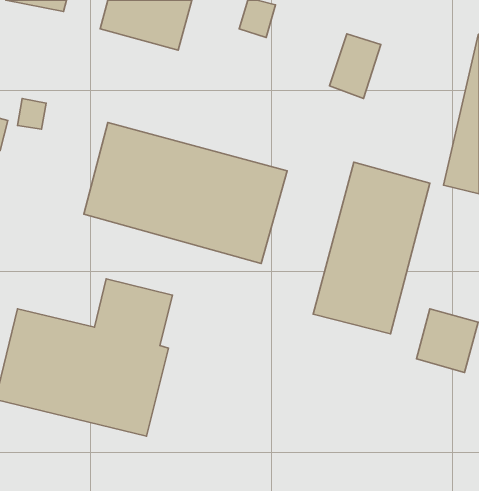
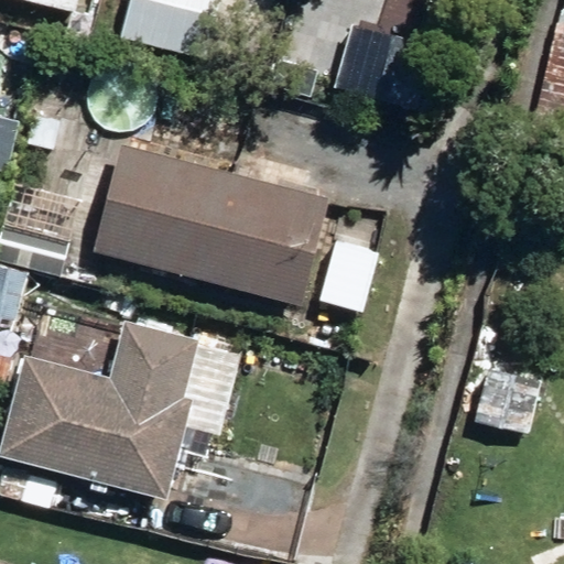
building: [313,162,430,334] -> none

